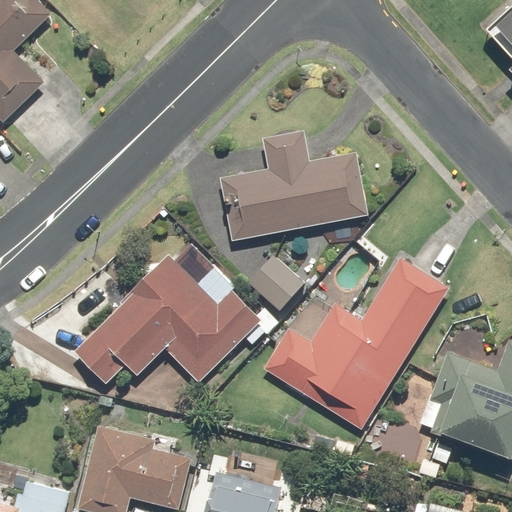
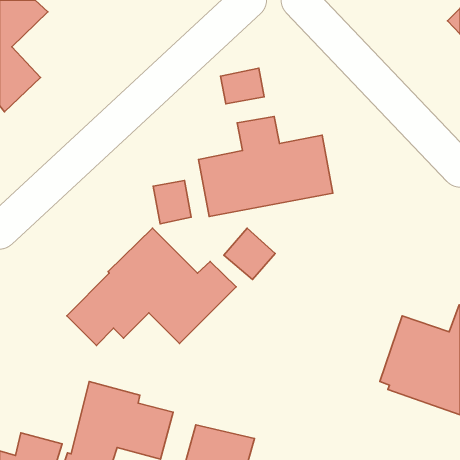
building: none -> [221,68,264,104]
building: none -> [153,181,191,224]
building: [264,258,450,429] -> none

